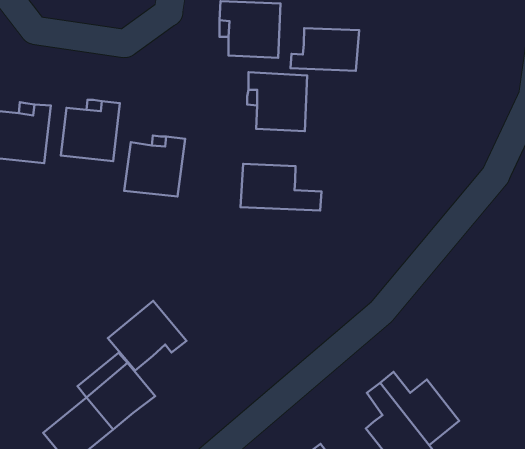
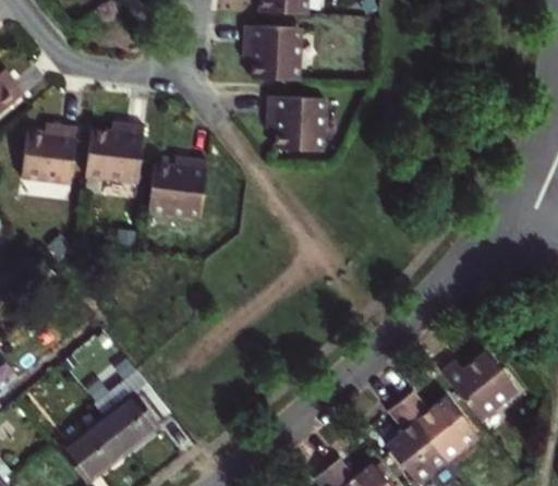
building: [291,28,359,71] -> none
building: [240,164,321,211] -> none
building: [108,301,187,370] -> none
building: none -> [439,349,514,418]

